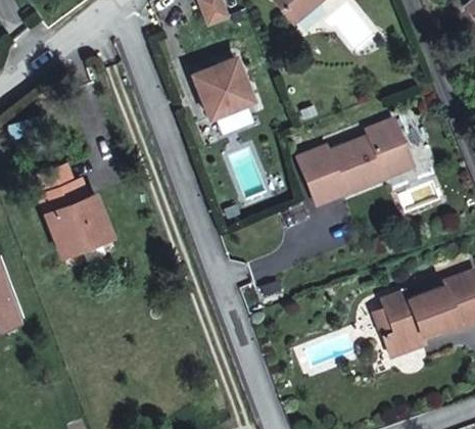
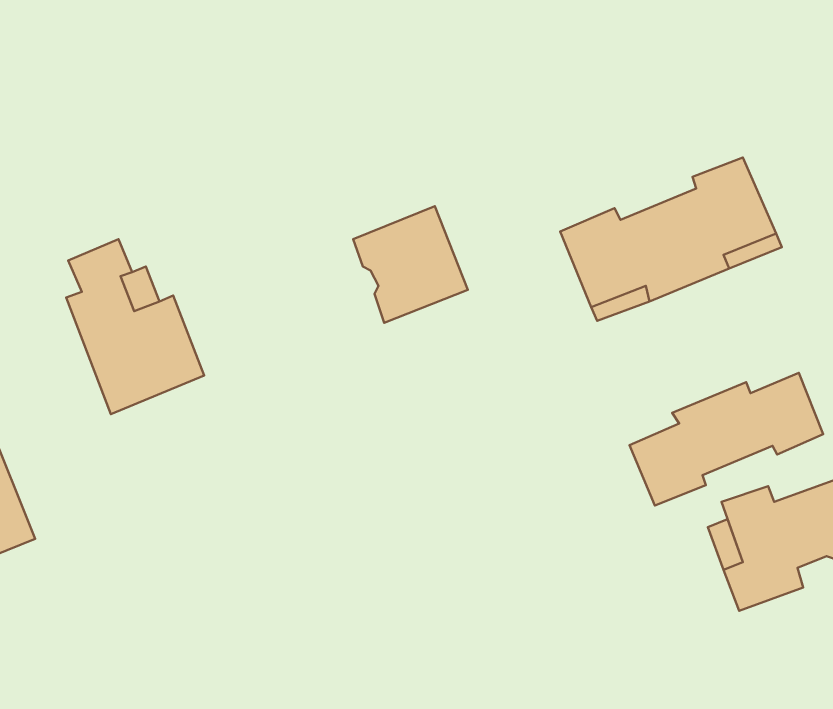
building: [191,59,251,121] -> [353,206,468,323]
building: none -> [629,373,823,506]

